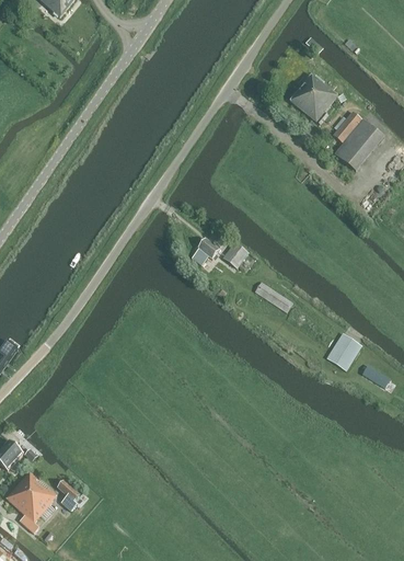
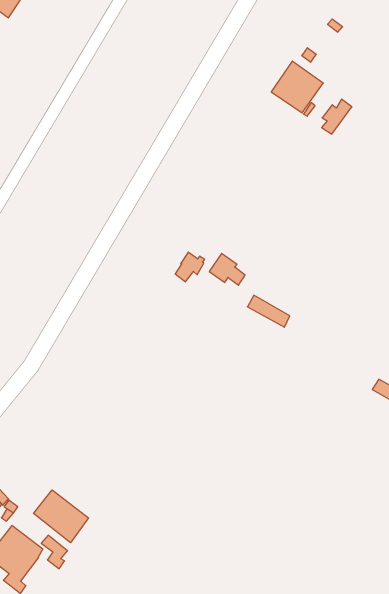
building: [334,119,383,170] -> none
building: [326,333,360,369] -> none
building: none -> [34,490,89,543]

